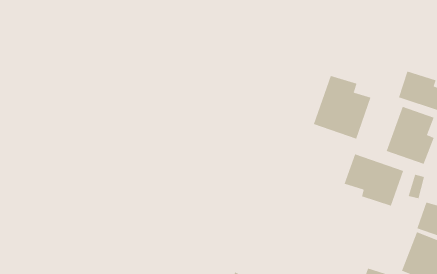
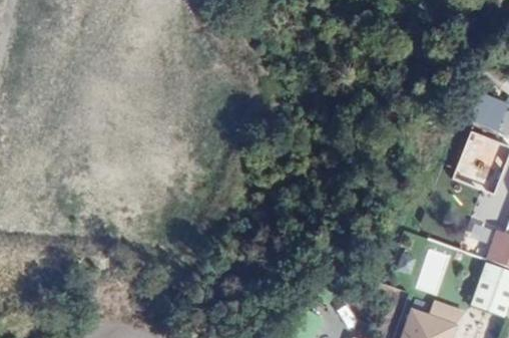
building: [313,75,371,139] -> none
building: [344,154,404,206] -> none

